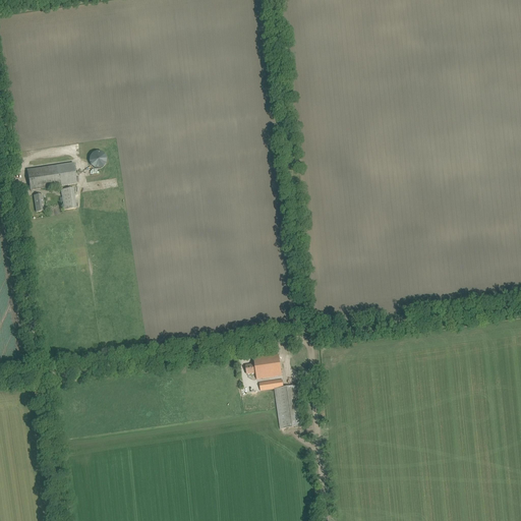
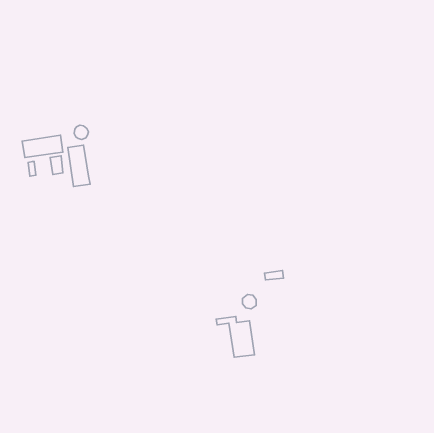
building: none -> [68,145,90,186]
building: [245,353,281,378] -> none

